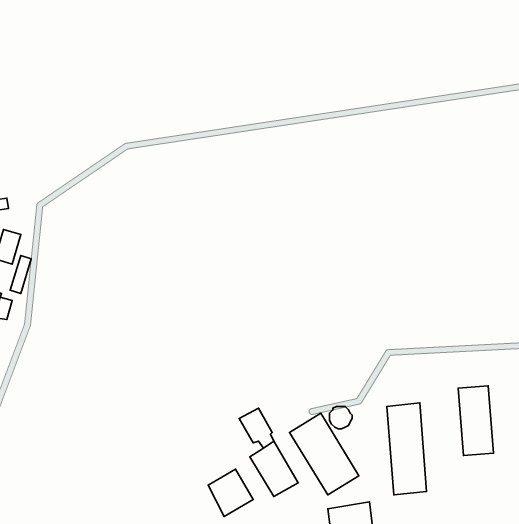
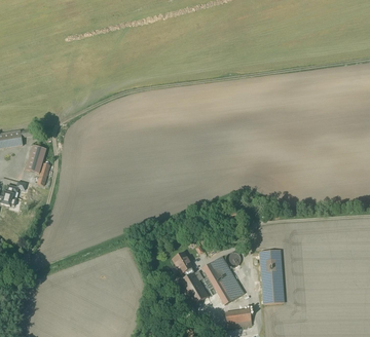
building: [458,386,493,455] -> none
building: [208,469,253,517] -> none

